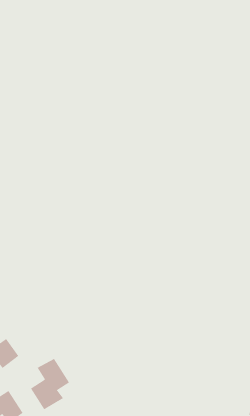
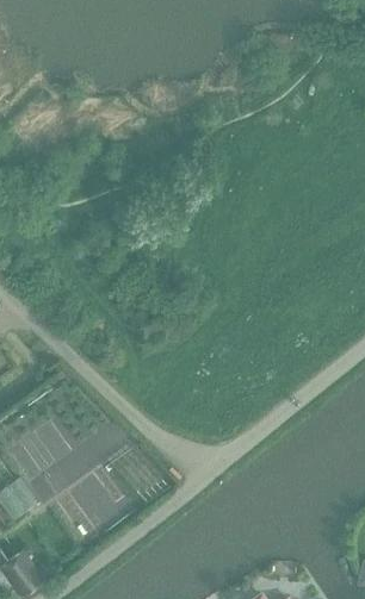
building: [30,358,70,410] -> none

